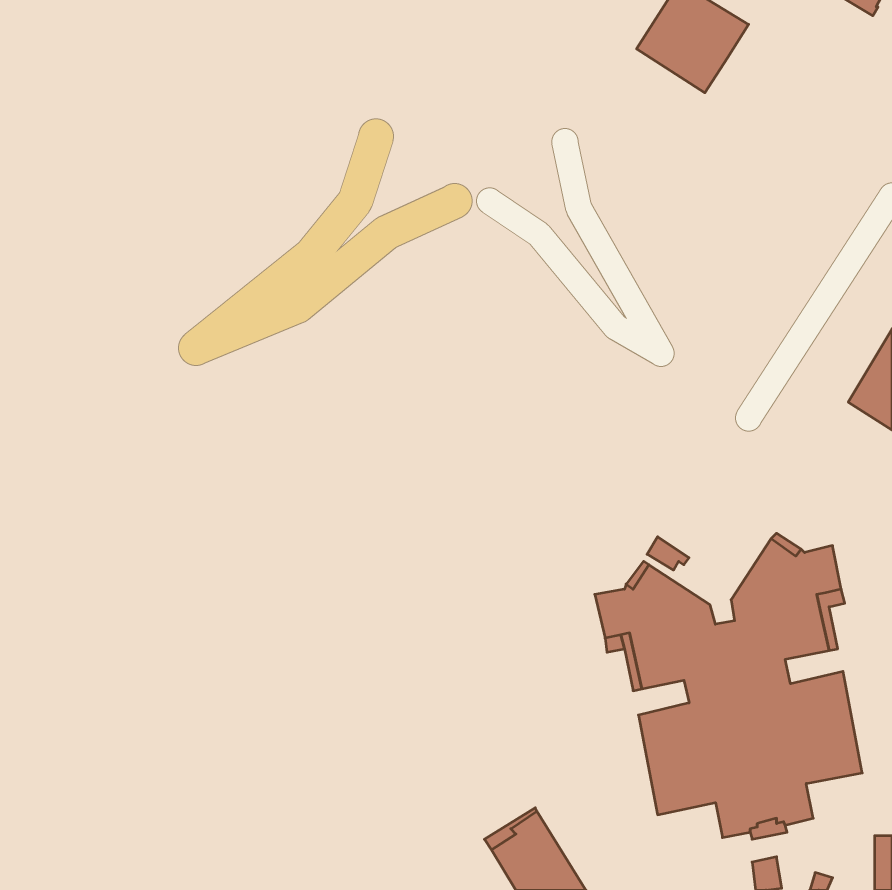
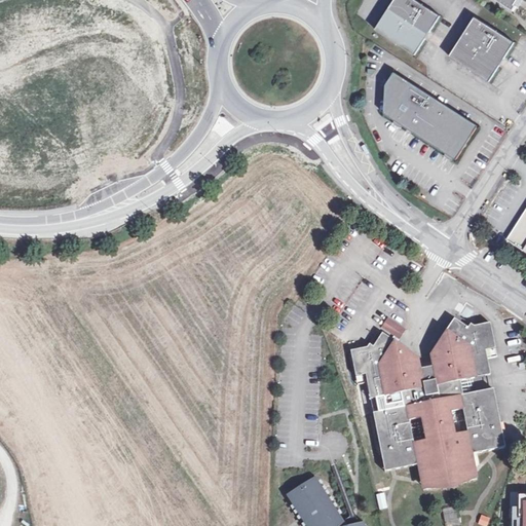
building: none -> [448,15,514,80]
building: none -> [383,71,478,158]

